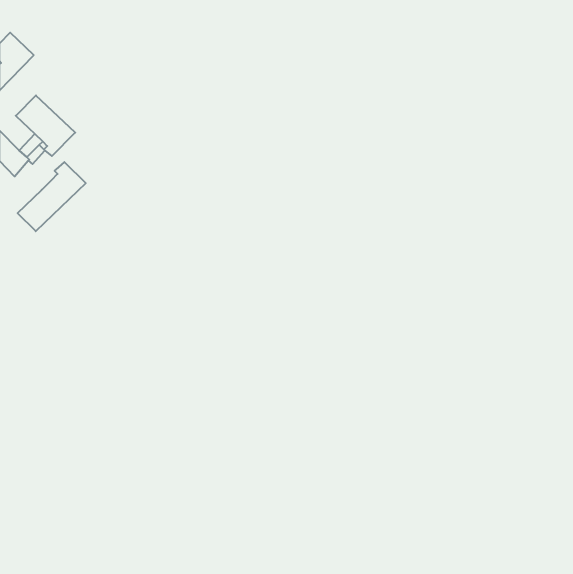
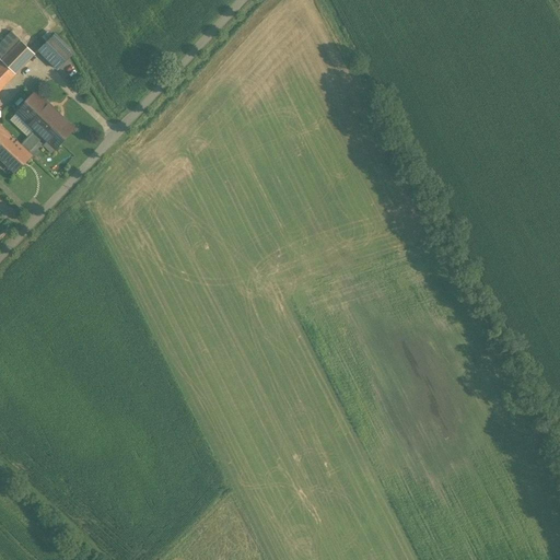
building: none -> [37,34,72,70]
building: [18,162,86,231] -> none

